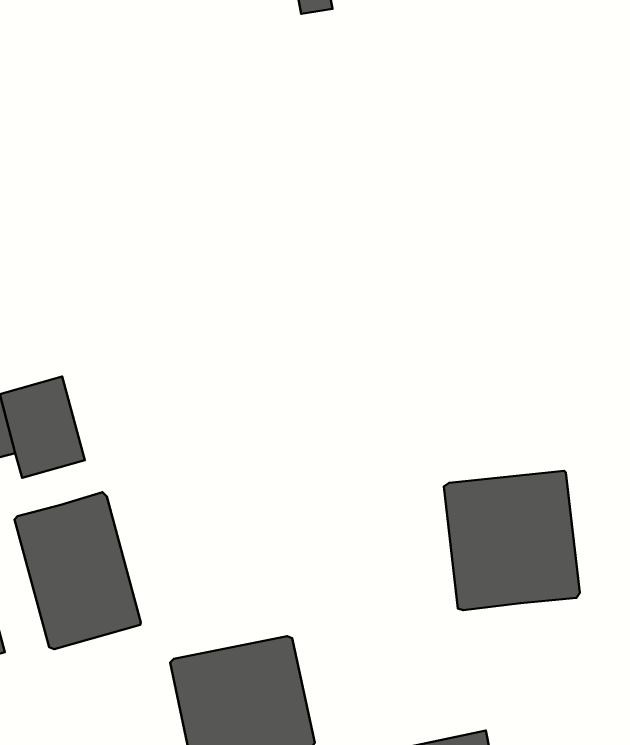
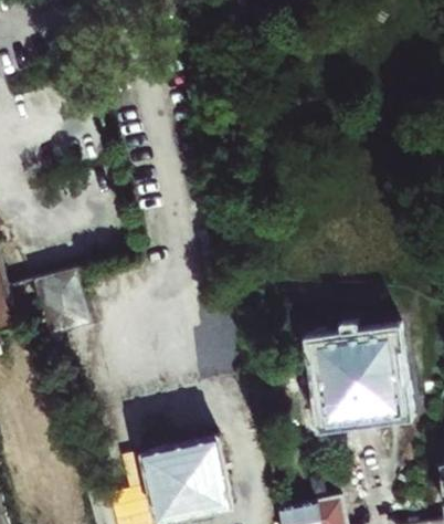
building: [14,492,141,649] -> none

